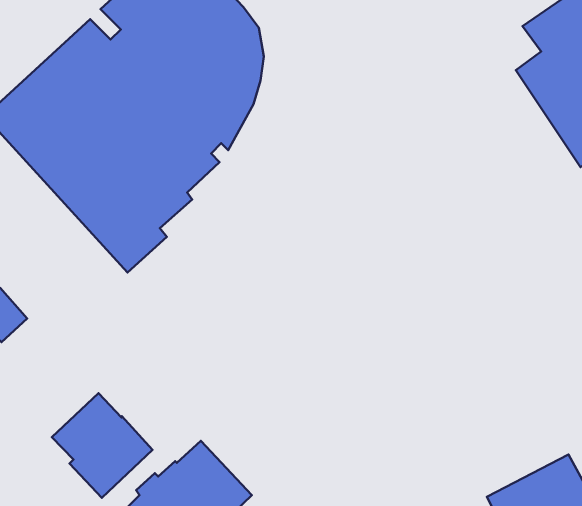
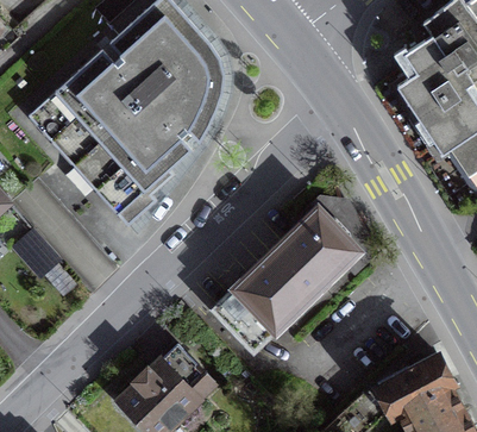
building: none -> [213,208,365,350]
building: [52,393,153,498] -> none

